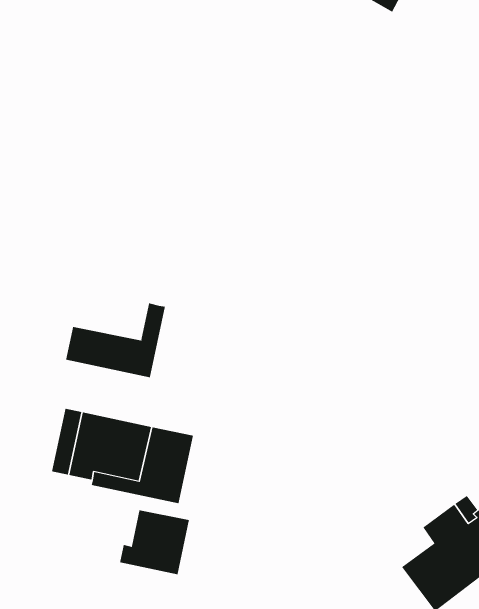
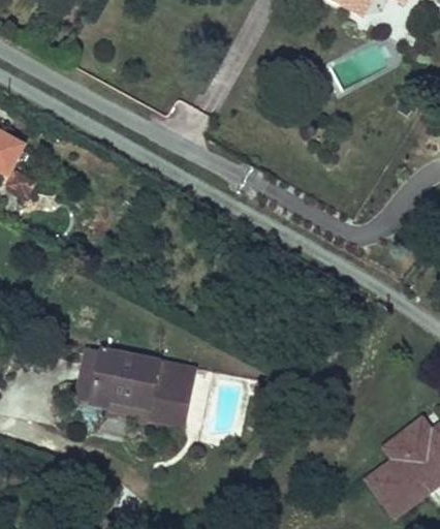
building: [65,302,165,378] -> none
building: [120,509,190,575] -> none

